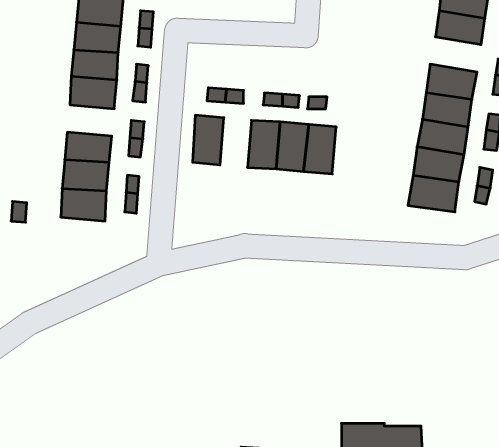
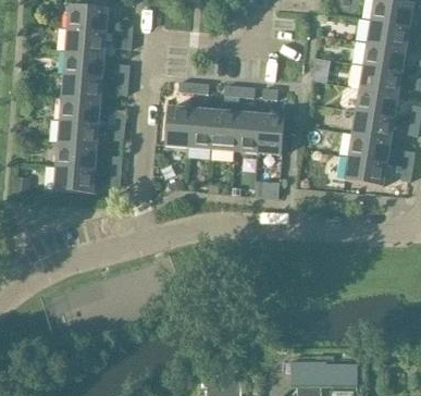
building: none -> [363,39,406,69]
building: none -> [61,96,100,122]
building: none -> [188,107,214,148]

